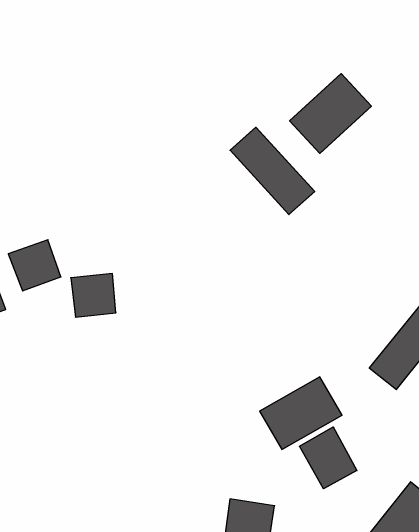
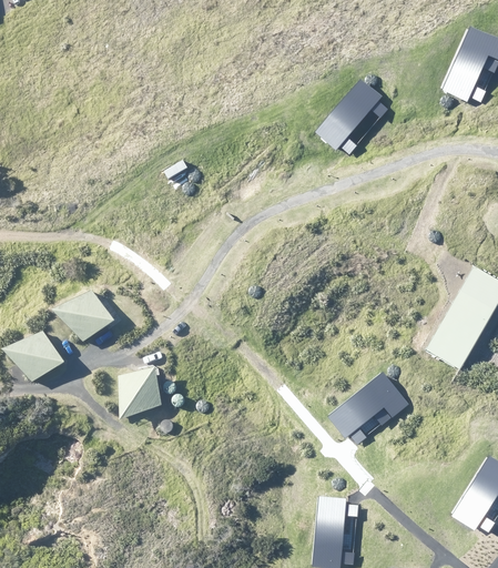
building: [230,127,315,215] -> none
building: [71,274,116,317] -> [119,359,166,406]
building: [299,427,357,489] -> none

